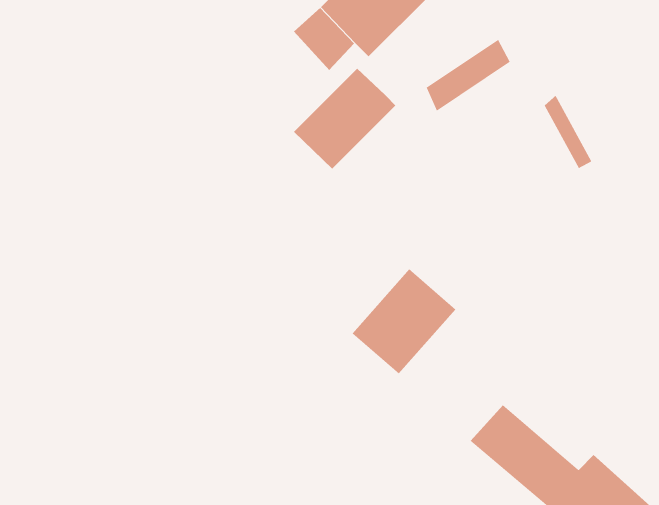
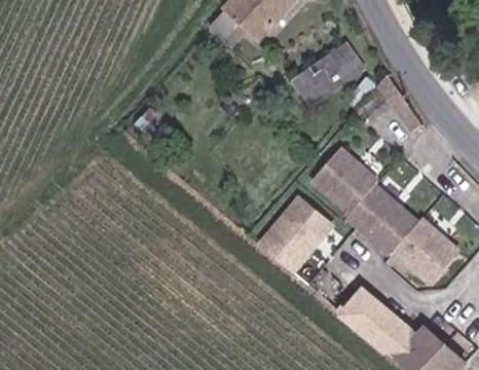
building: [293,68,396,169] -> none
building: none -> [315,143,453,282]

